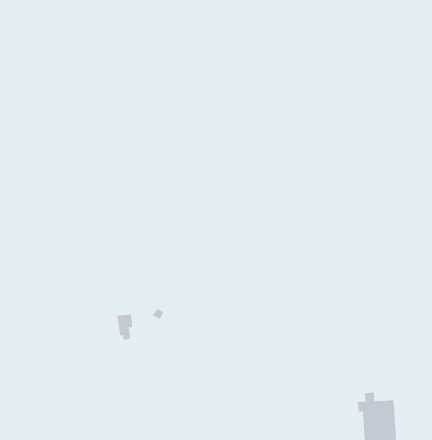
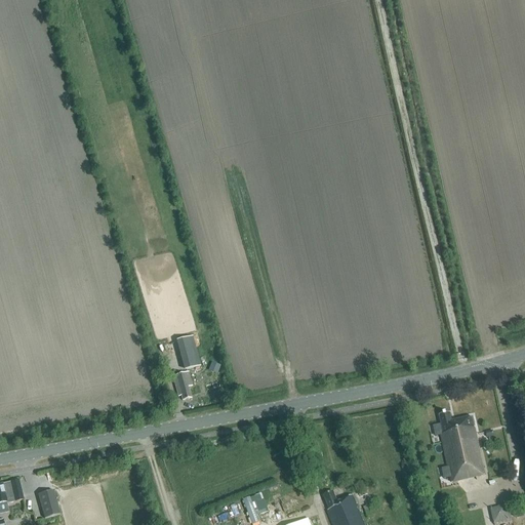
building: none -> [177,335,200,369]

